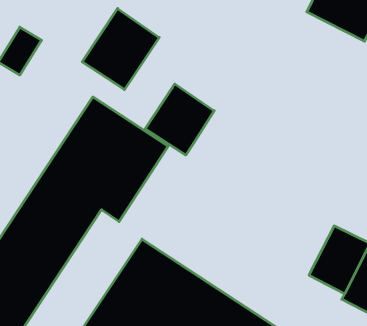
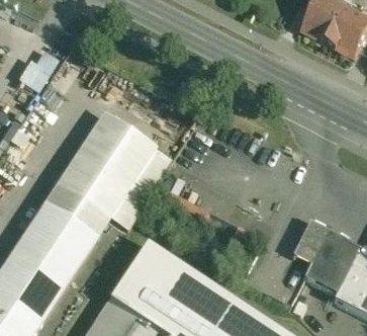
building: [82,8,159,90] -> none
building: [145,84,214,155] -> none
building: none -> [292,221,327,263]

